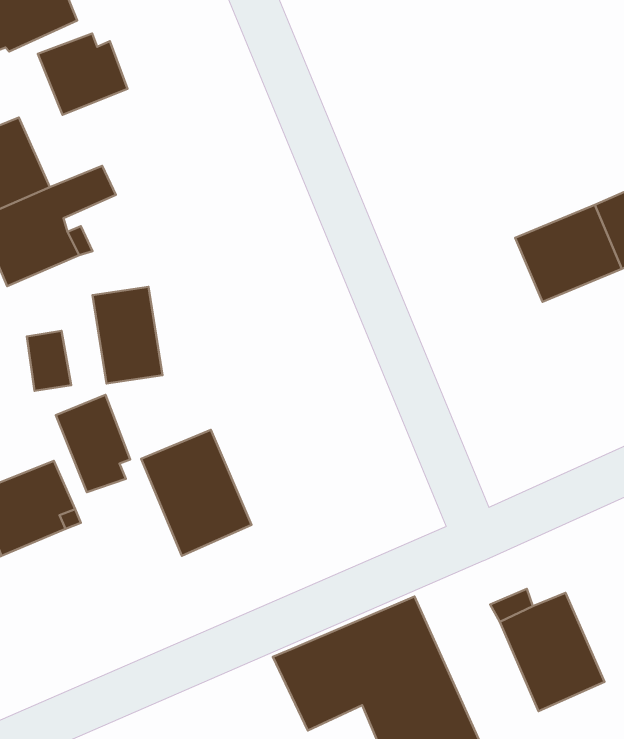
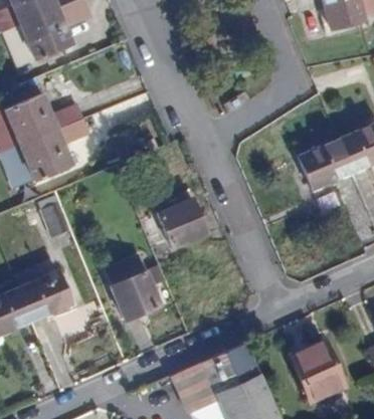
building: [38,33,127,115] -> none
building: [92,287,162,384] -> none
building: none -> [158,198,207,248]
building: [56,395,130,492] -> none

